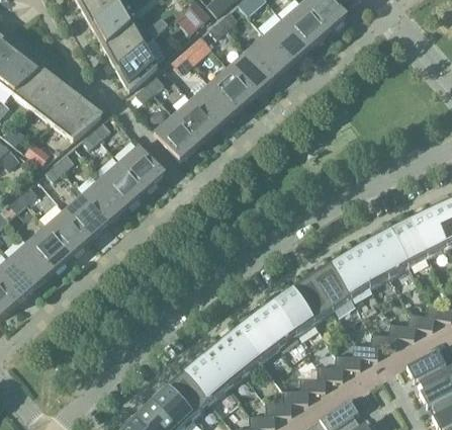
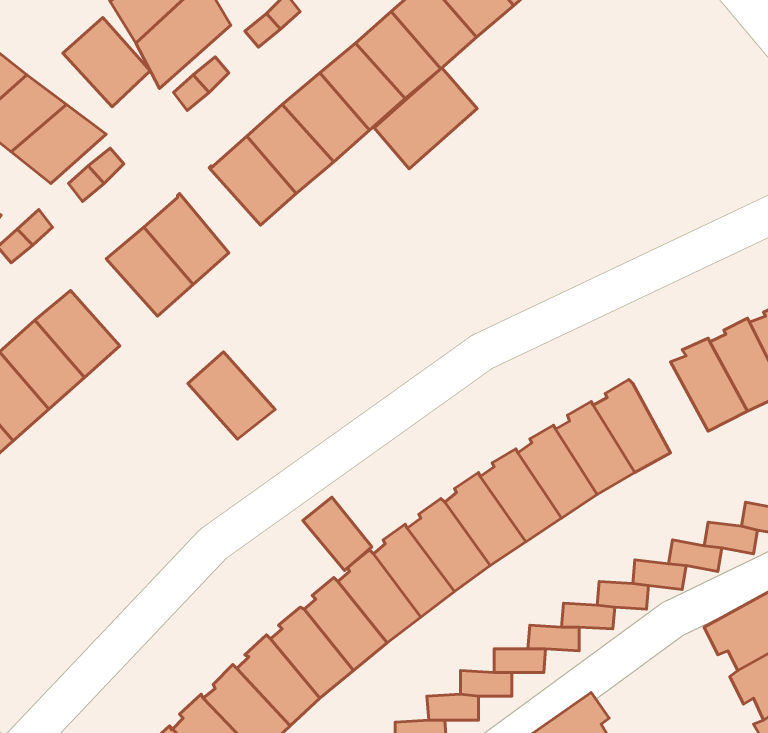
building: none -> [63,17,150,107]
building: none -> [374,68,477,169]
building: [83,177,127,222] -> [188,352,275,439]
building: [370,228,409,276] -> none
building: none -> [303,497,372,570]

